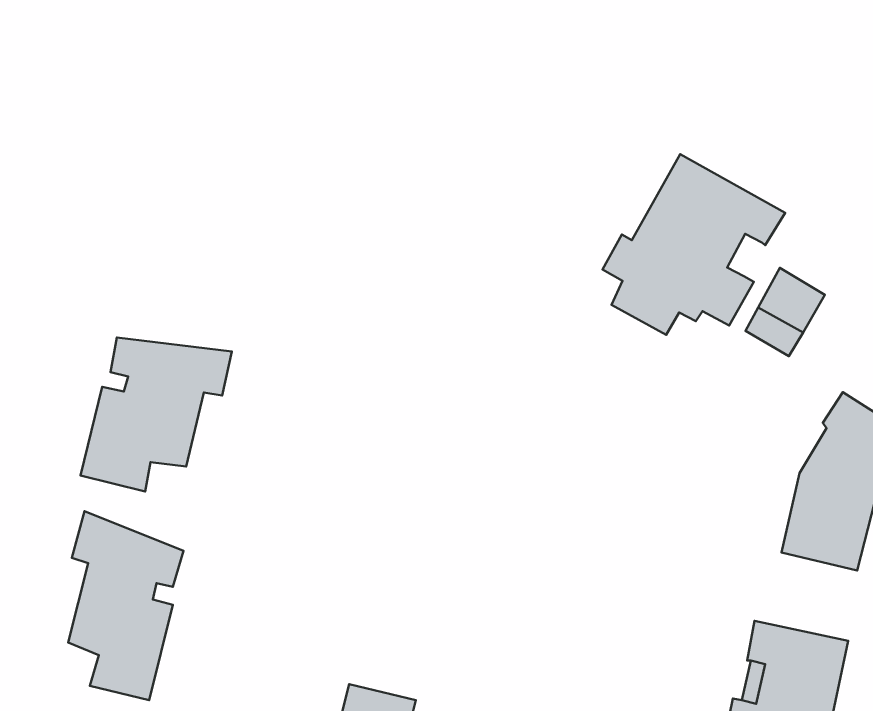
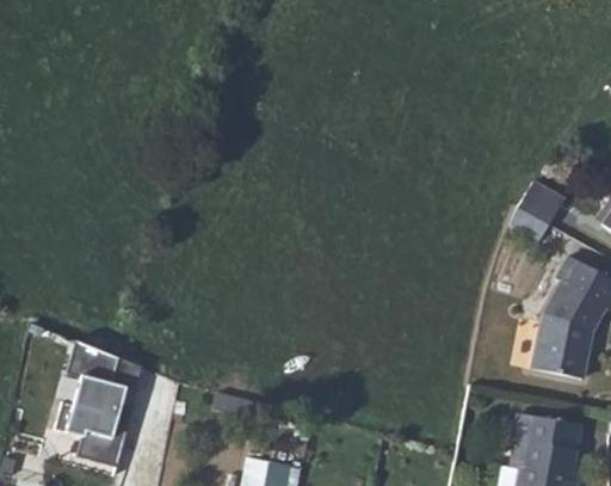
building: [603,154,785,335] -> none
building: [80,338,232,491] -> none

